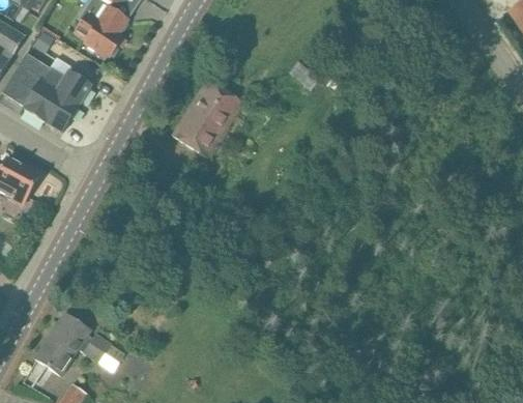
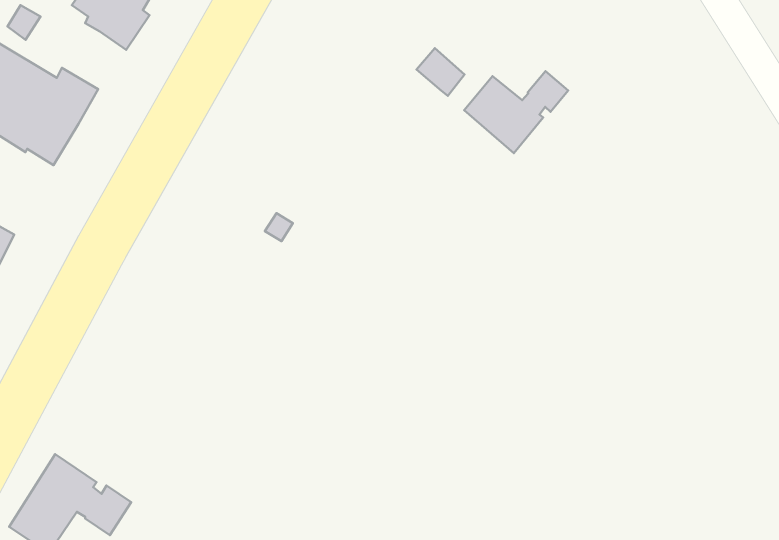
building: none -> [464,71,568,153]
building: [172,79,240,155] -> none

